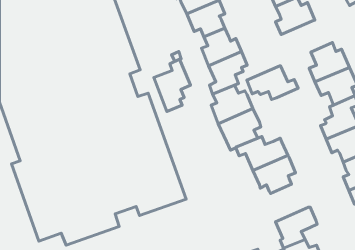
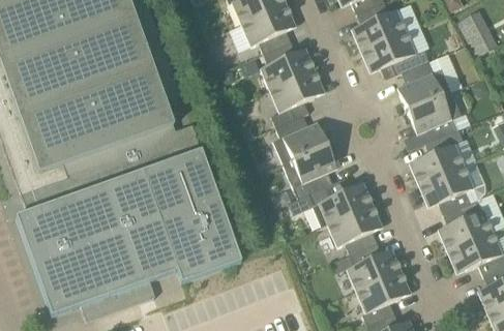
building: [154,59,190,112] -> none
building: [247,66,298,99] -> [363,31,429,74]
building: none -> [346,242,401,291]

